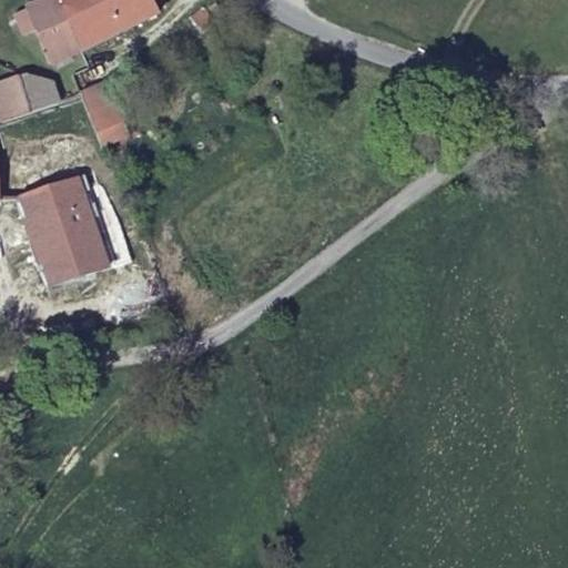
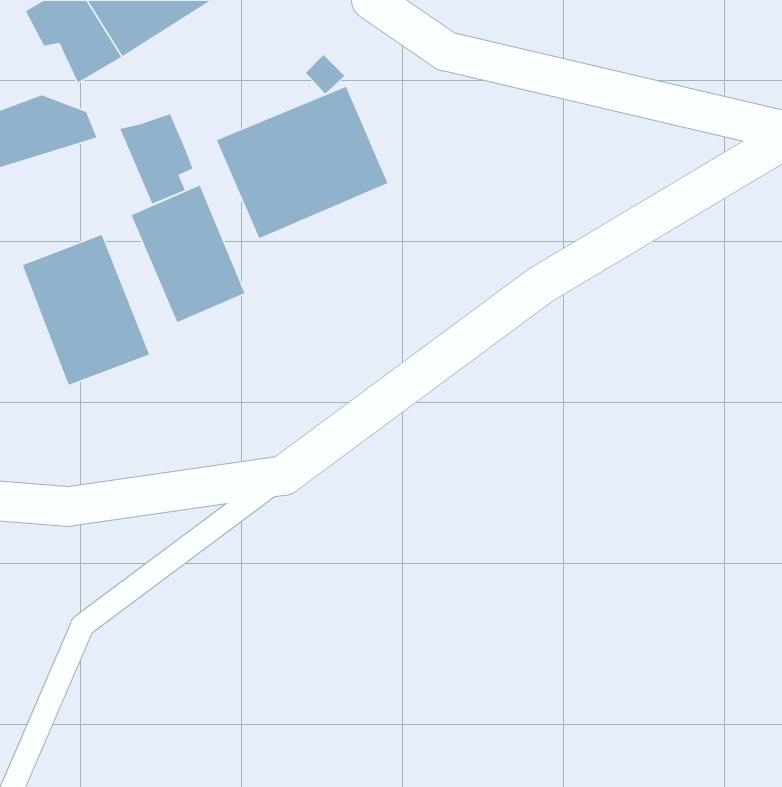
building: none -> [216,86,388,239]
building: none -> [130,184,246,323]

